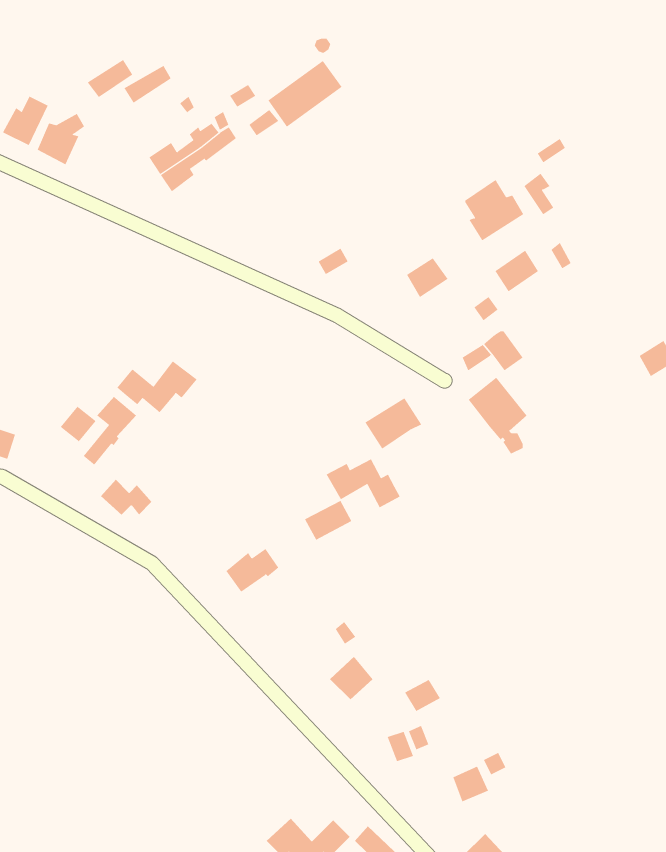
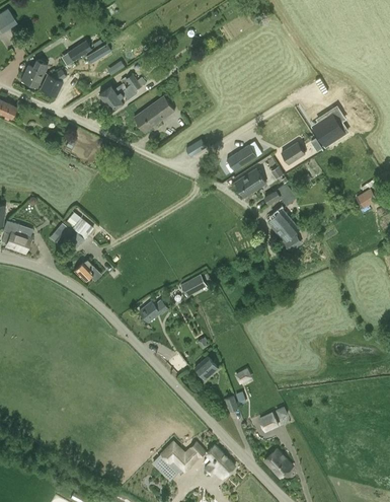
building: [267,60,342,127] -> [134,95,173,131]
building: [465,179,524,241] -> [318,114,349,146]
building: [116,360,198,413] -> none
building: [364,397,422,449] -> [234,168,264,196]
building: [326,458,400,508] -> none

